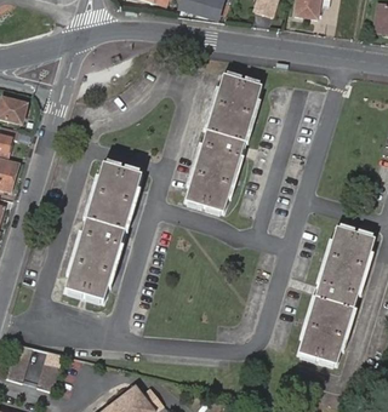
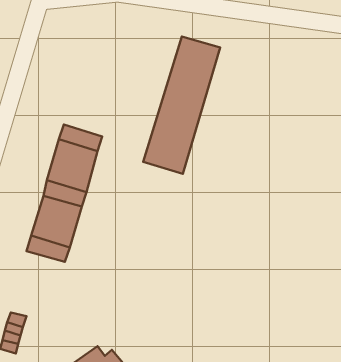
building: [298,223,375,361] -> none

